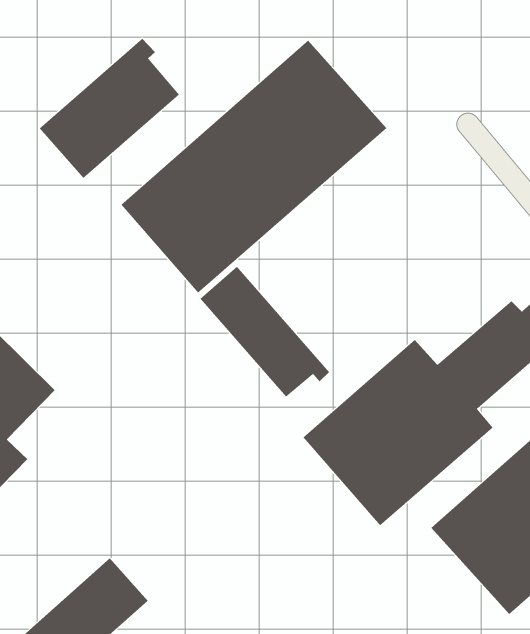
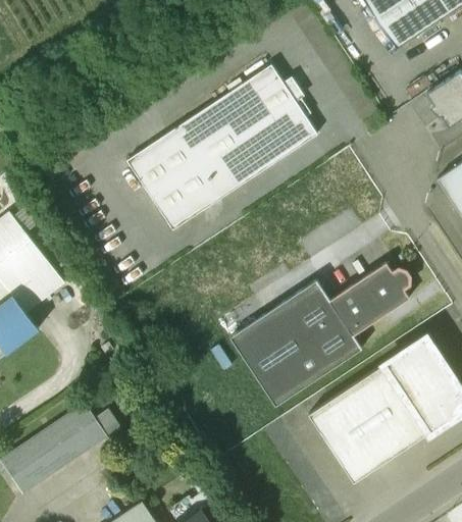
building: [39,38,180,179] -> none
building: [200,266,330,398] -> none

